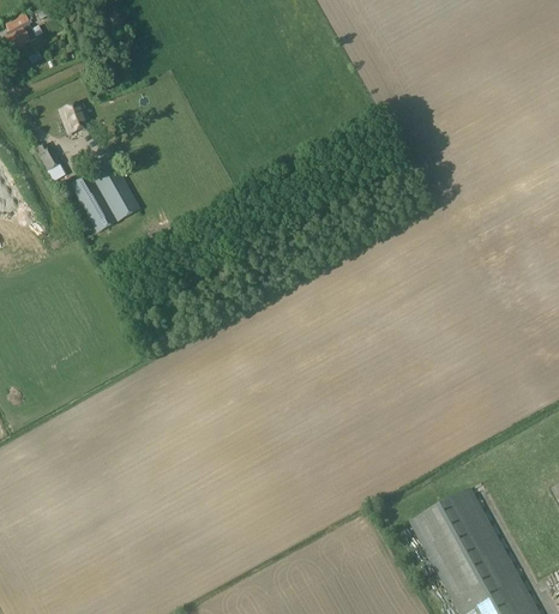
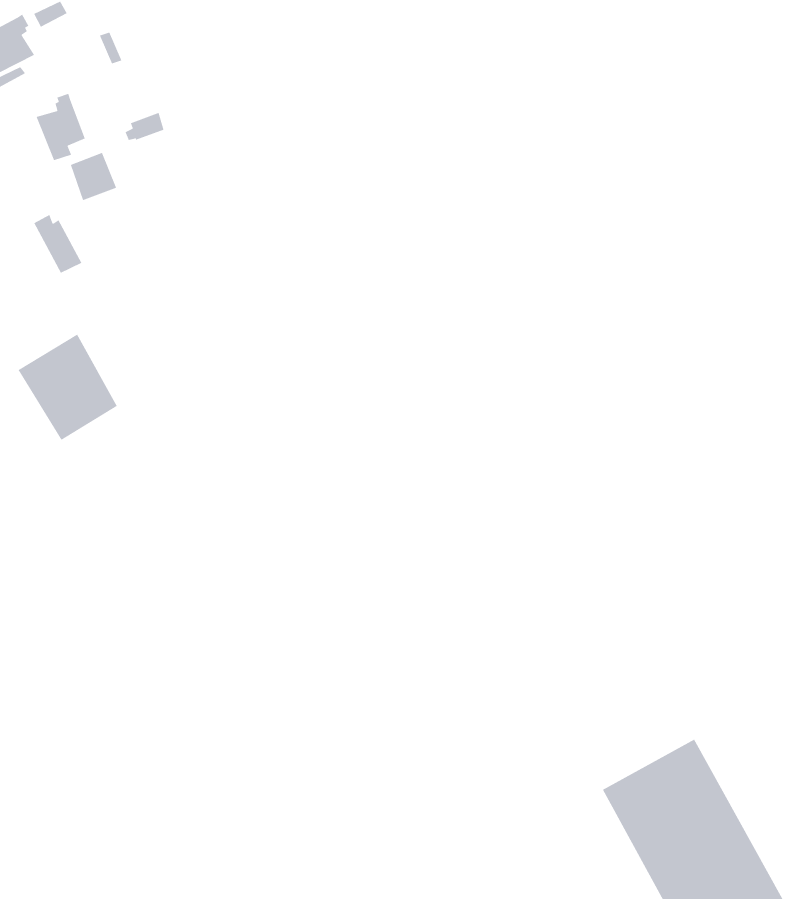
building: none -> [36,93,86,161]
building: [72,161,138,231] -> [17,333,118,441]

